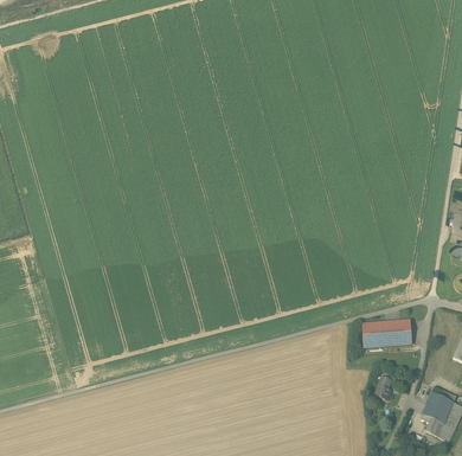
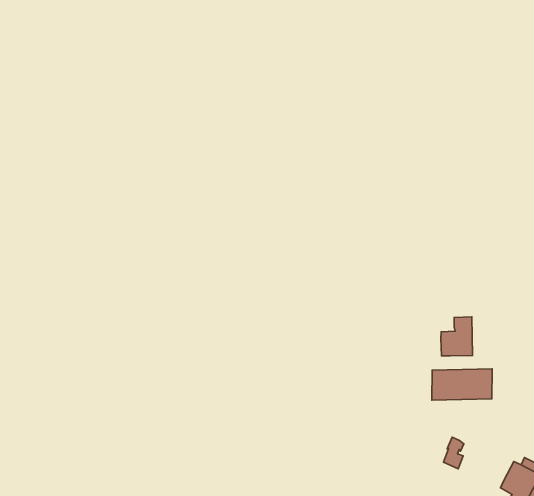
building: none -> [441,317,473,356]

